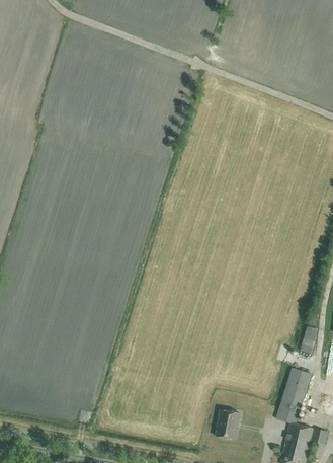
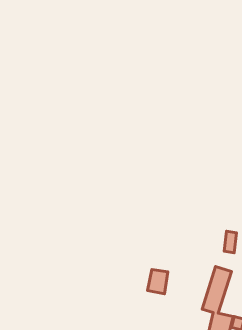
building: [215,409,239,439] -> [148,269,168,294]

